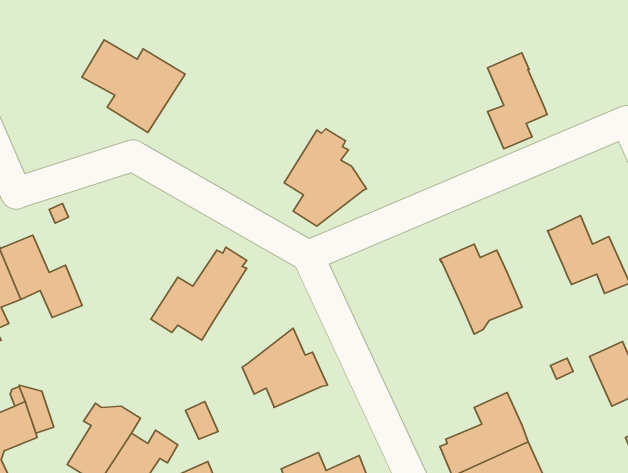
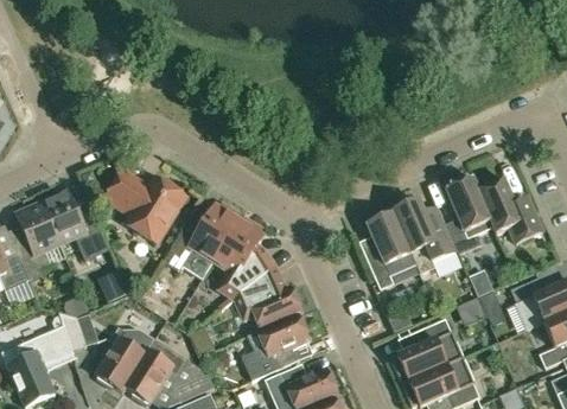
building: [82,40,185,133] -> [104,171,186,244]
building: [487,53,547,149] -> [445,178,492,254]
building: [284,129,366,226] -> [212,219,278,296]
building: none -> [364,215,410,290]
building: none -> [254,314,310,376]

